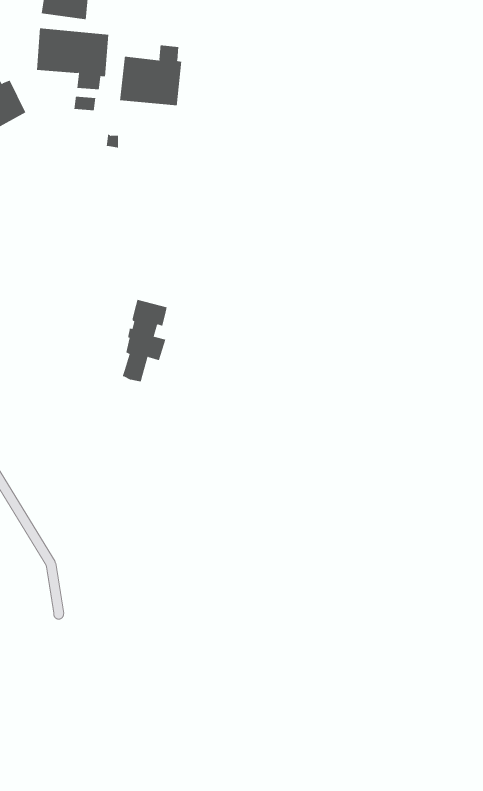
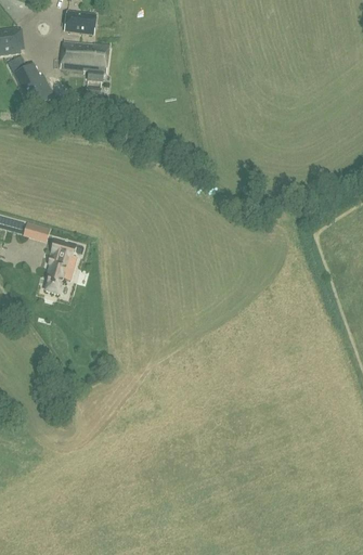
building: [120,44,182,106] -> none
building: [122,299,168,382] -> [46,237,76,293]

